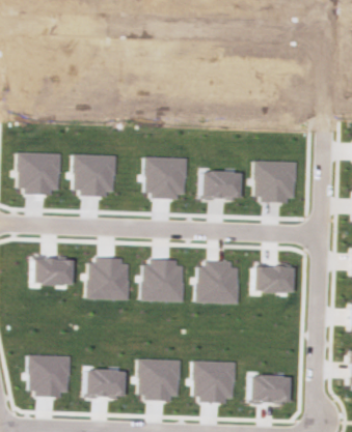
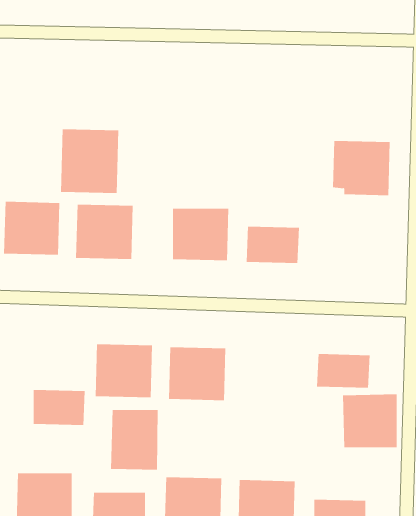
building: none -> [60,128,119,194]
building: [253,161,297,202] -> [332,140,390,196]
building: [31,258,71,285] -> [33,389,86,425]
building: [196,262,238,303] -> [342,394,398,448]
building: none -> [111,409,158,471]

